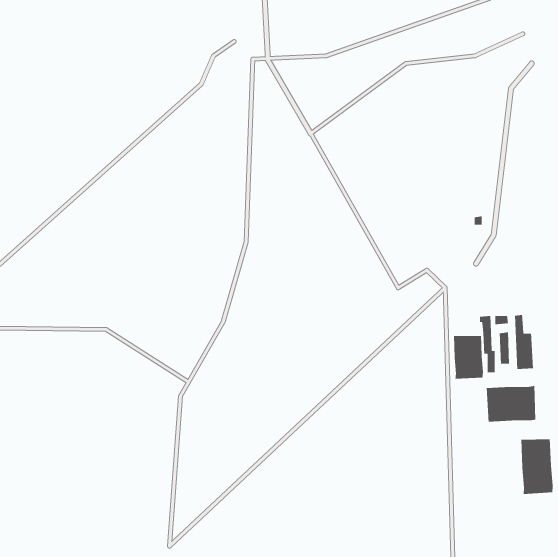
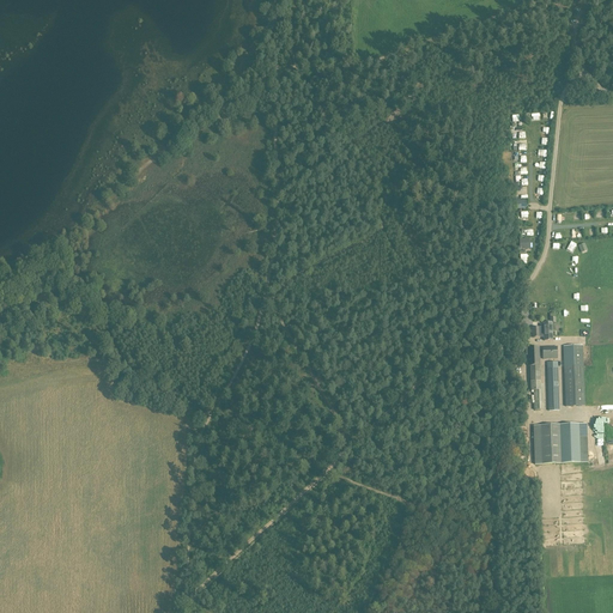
building: [453,335,484,380] -> none
building: [520,438,553,495] -> none

